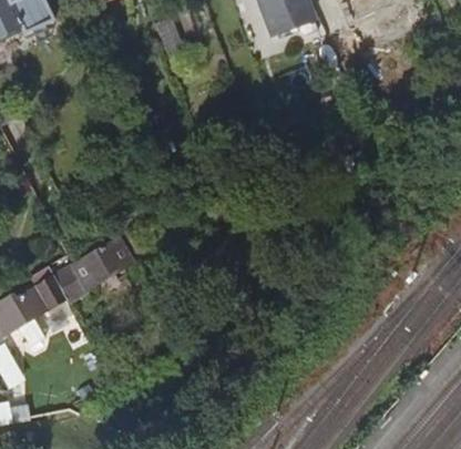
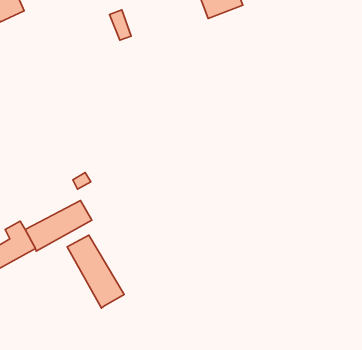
building: none -> [67,235,124,308]

